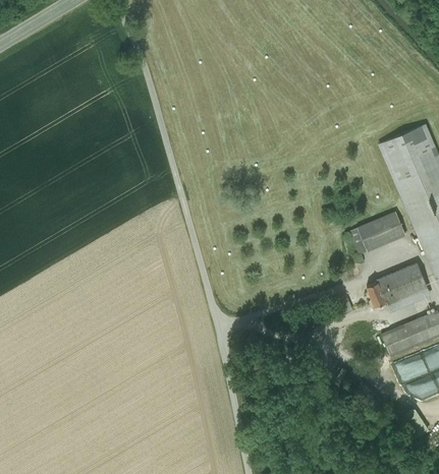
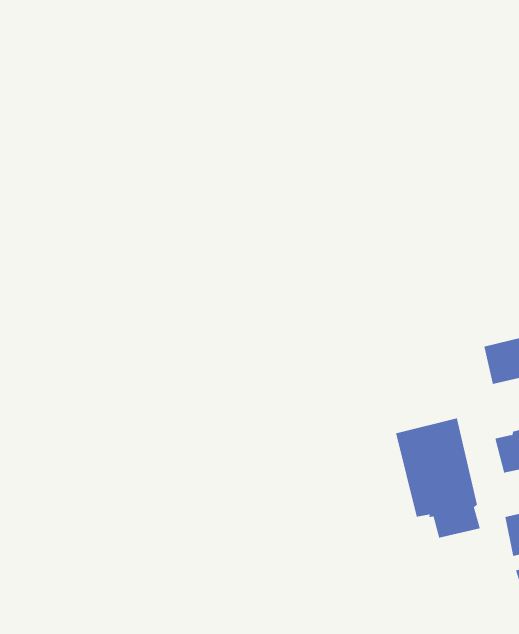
building: none -> [396,418,480,538]

